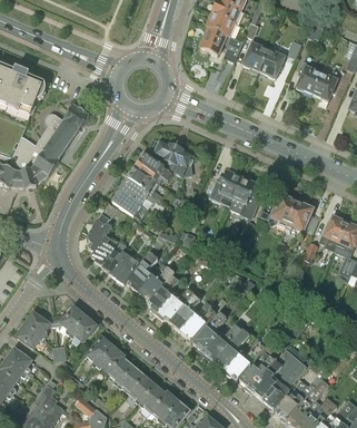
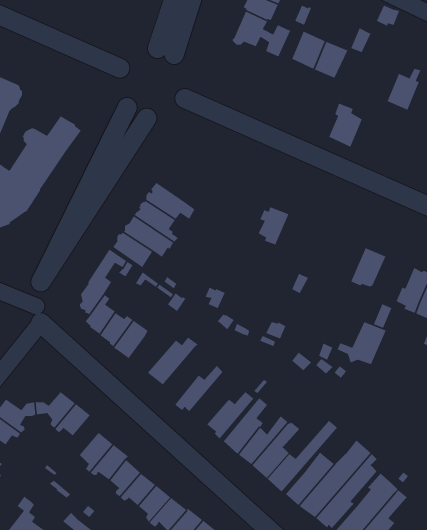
building: [296,60,321,94] -> [328,102,363,148]
building: [143,138,192,177] -> none
building: [228,176,261,217] -> none
building: [260,194,297,226] -> [337,321,387,365]
building: [126,251,158,293] -> none
building: [147,274,179,317] -> none
building: [168,293,200,331] -> none

